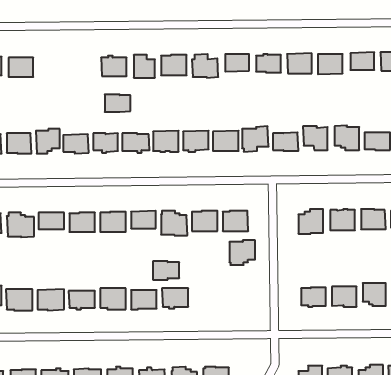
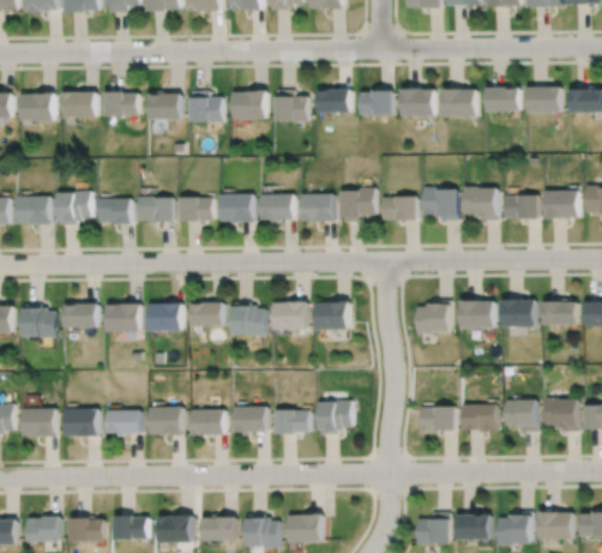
building: none -> [64,91,98,118]
building: [105,94,130,112] -> [106,91,140,115]
building: [229,240,255,265] -> [315,401,350,434]
building: [153,261,179,280] -> [272,410,308,435]

